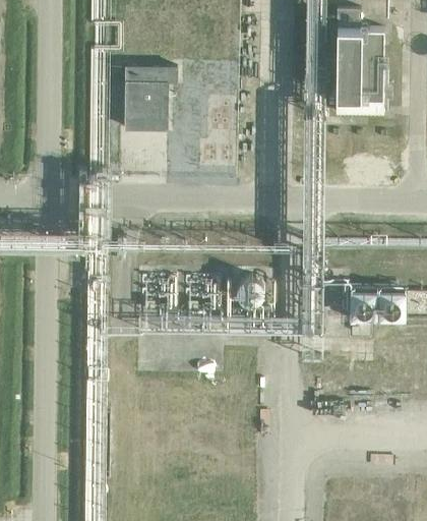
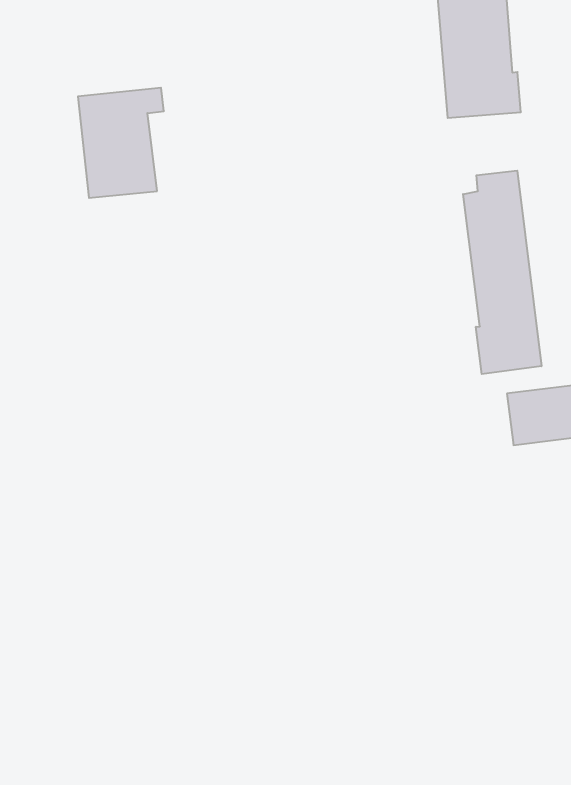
building: none -> [463,171,541,374]

